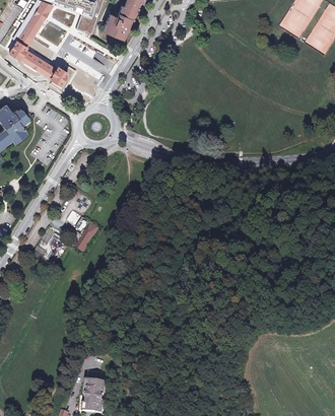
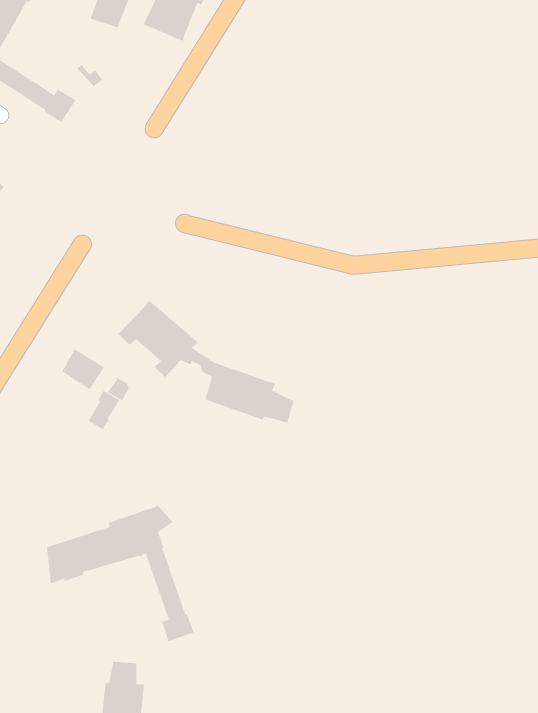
building: none -> [118,300,294,424]
building: none -> [46,505,194,642]

